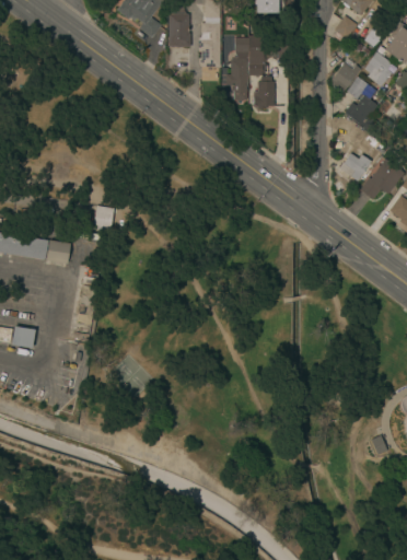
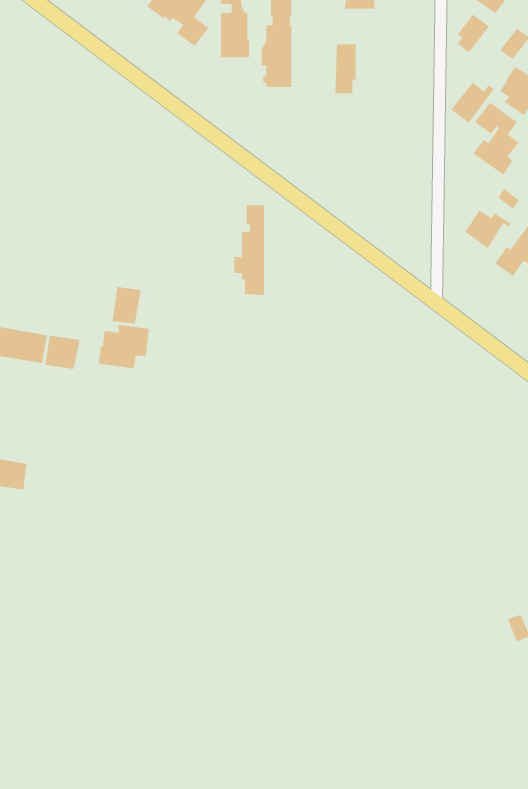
building: [226,37,248,101] -> [233,205,265,296]
building: [254,81,275,109] -> none
building: none -> [98,324,149,369]

